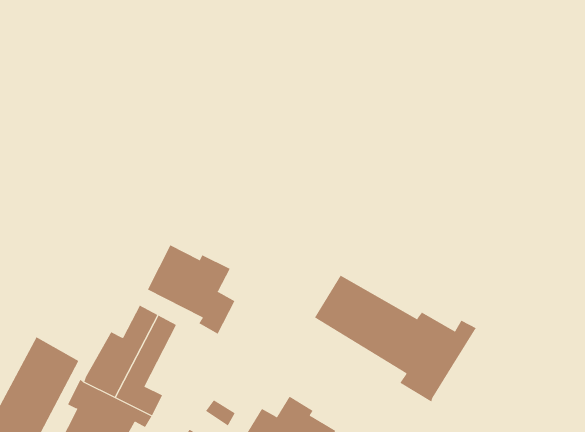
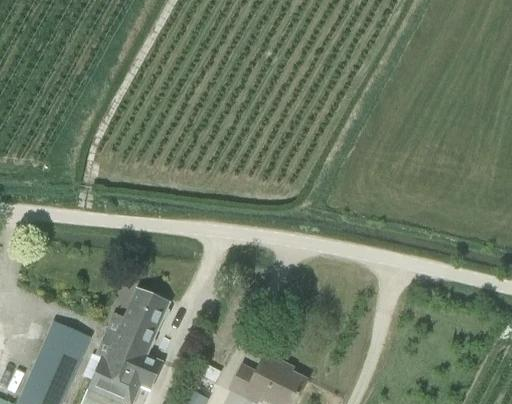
building: [147,244,235,334] -> none
building: [314,275,477,403] -> none

